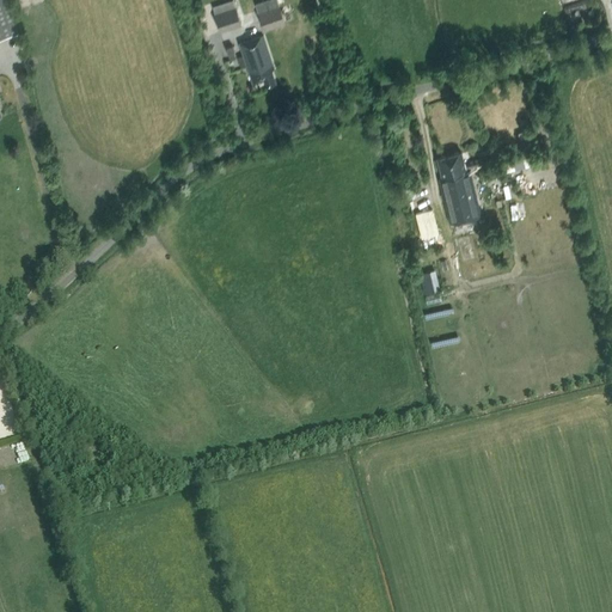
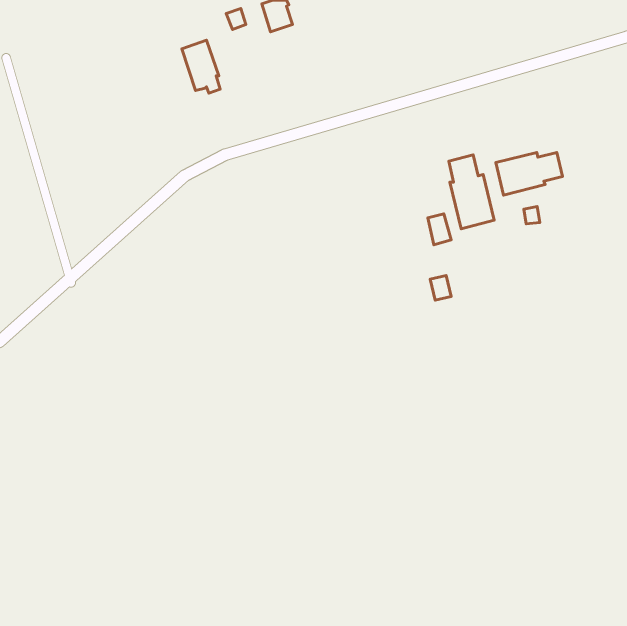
building: [238,37,275,88] -> [182,40,220,93]
building: none -> [496,152,562,195]

